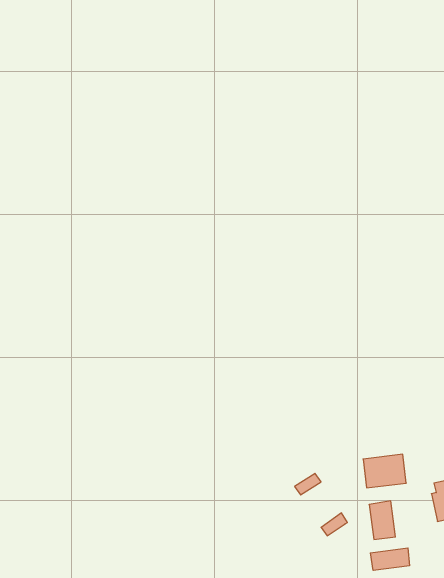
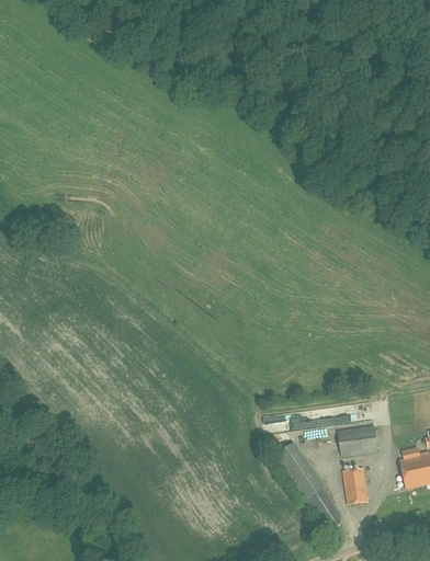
building: [370,548,409,570] -> none

